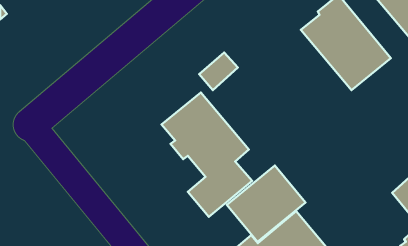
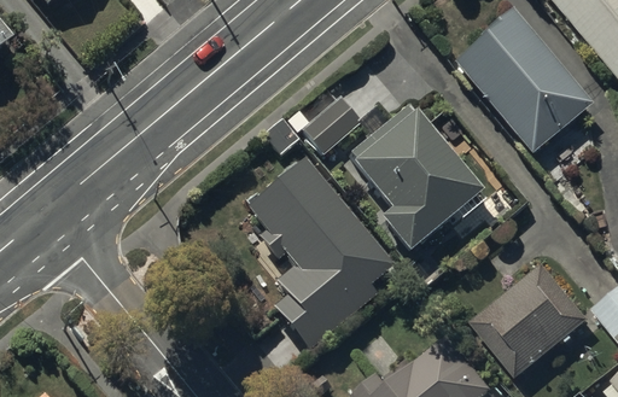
building: none -> [350,105,483,252]
building: [227,166,305,242] -> [472,261,590,375]

